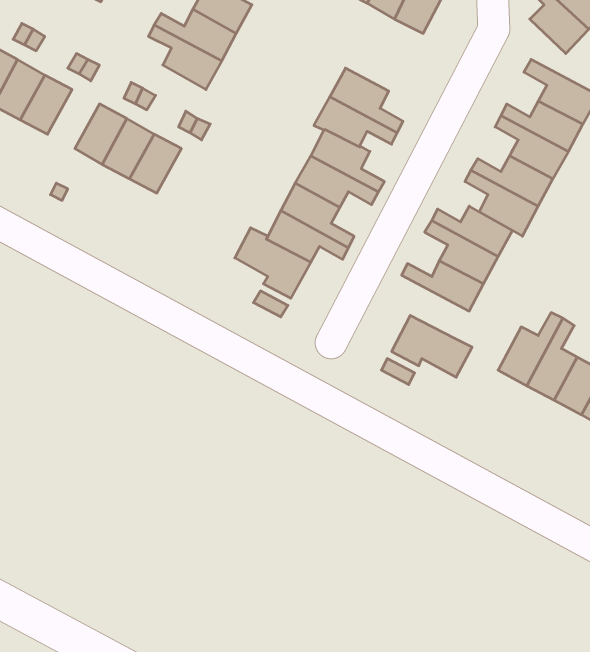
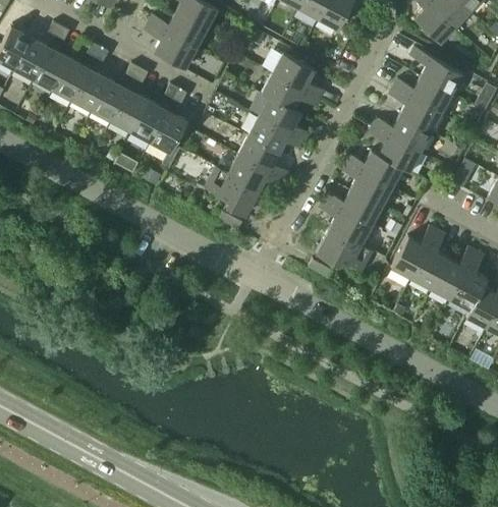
building: none -> [72,69,109,111]
building: none -> [150,111,187,154]
building: none -> [319,201,371,245]

